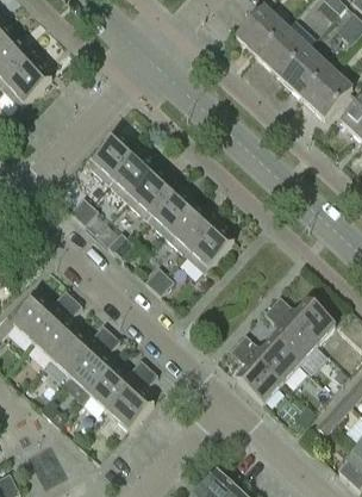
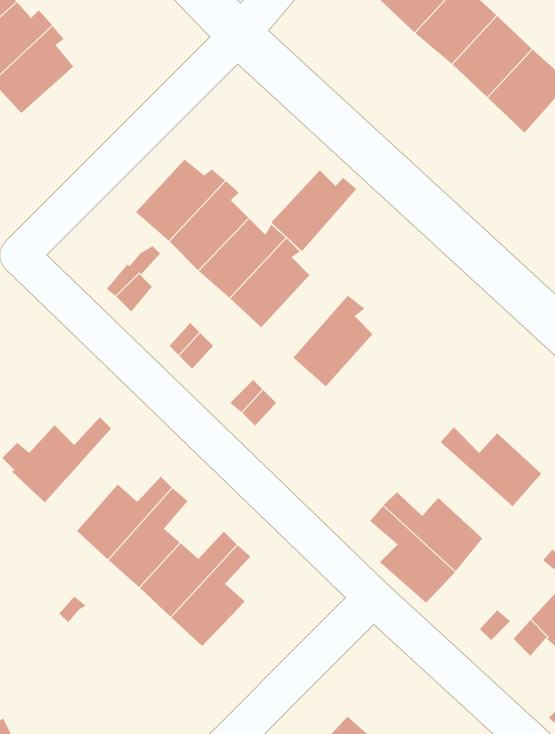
building: [163,204,216,254] -> [271,169,357,252]
building: [32,297,82,359] -> none
building: [263,305,316,364] -> none

